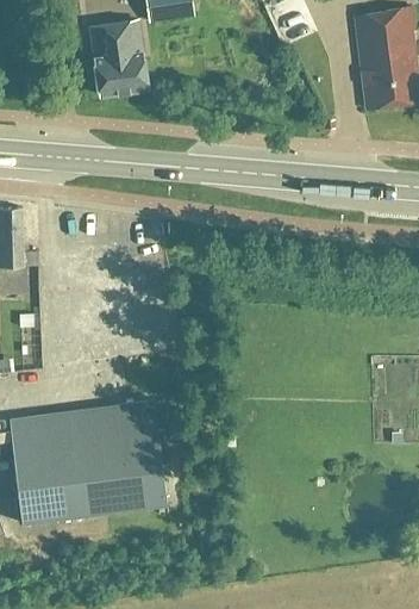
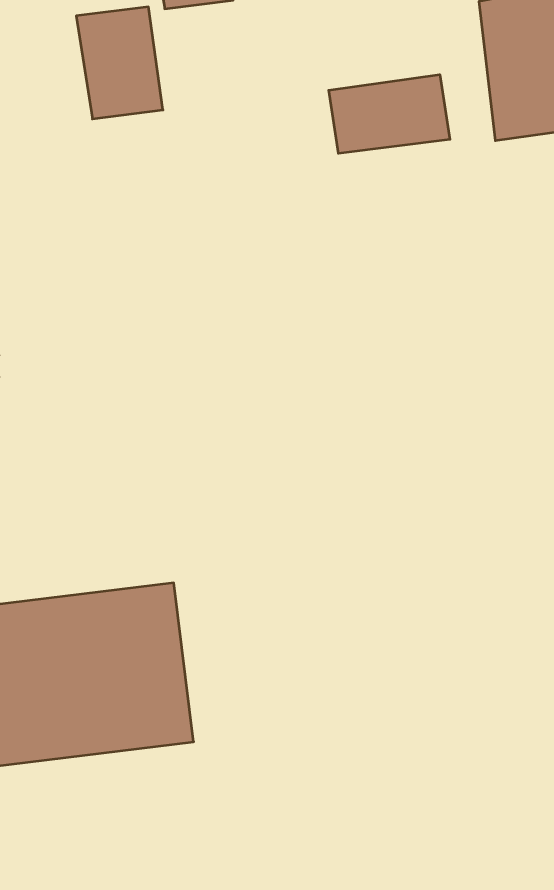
building: none -> [329,75,450,153]

